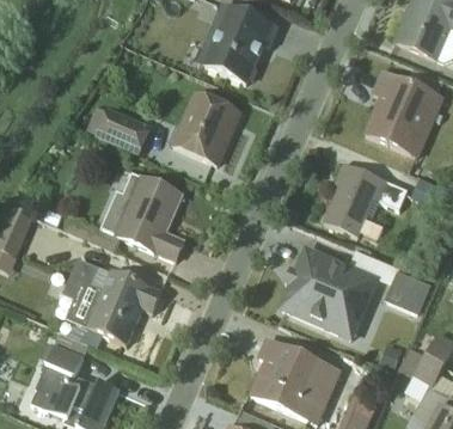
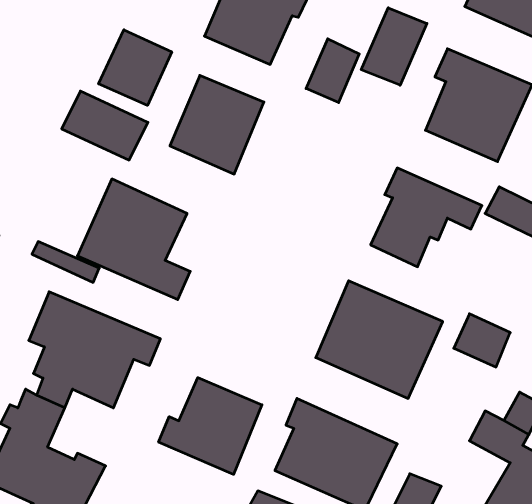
building: none -> [361,8,427,85]
building: none -> [99,30,172,105]
building: none -> [306,39,359,103]
building: none -> [159,378,262,474]

